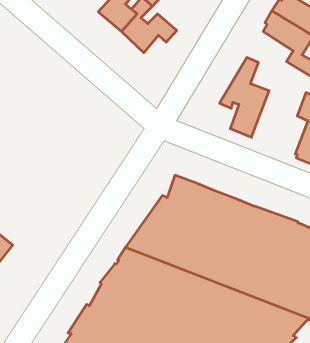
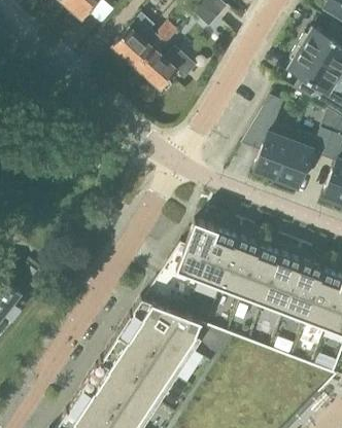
building: none -> [276,129,334,189]

